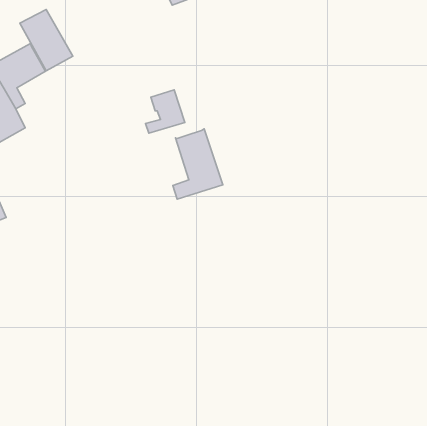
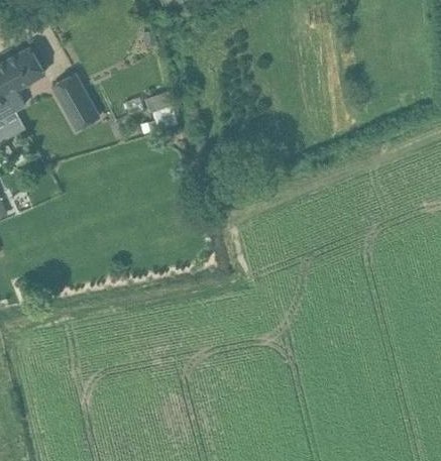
building: [20,10,73,71] -> [49,72,100,130]
building: [173,129,223,199] -> none

